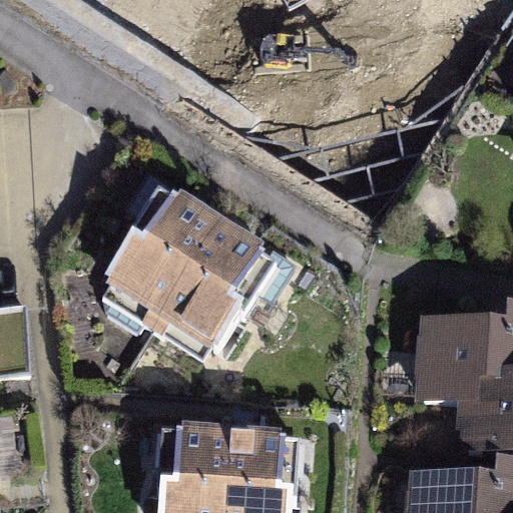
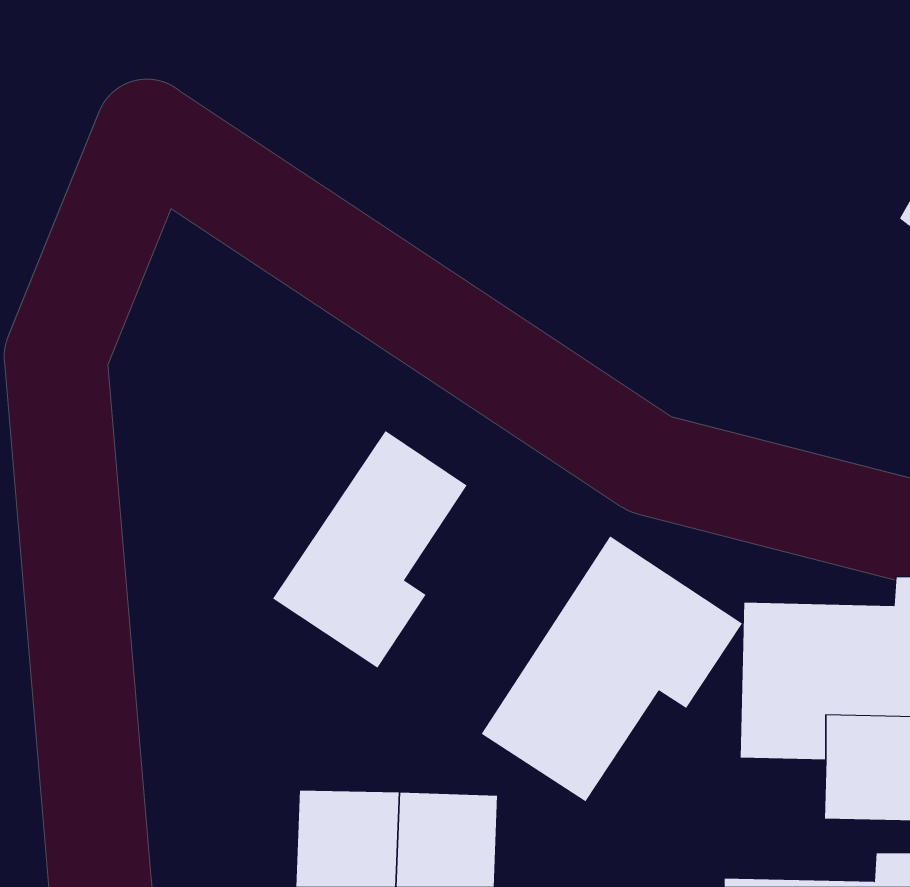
building: [96,209,218,335] -> none
building: none -> [481,535,743,802]

